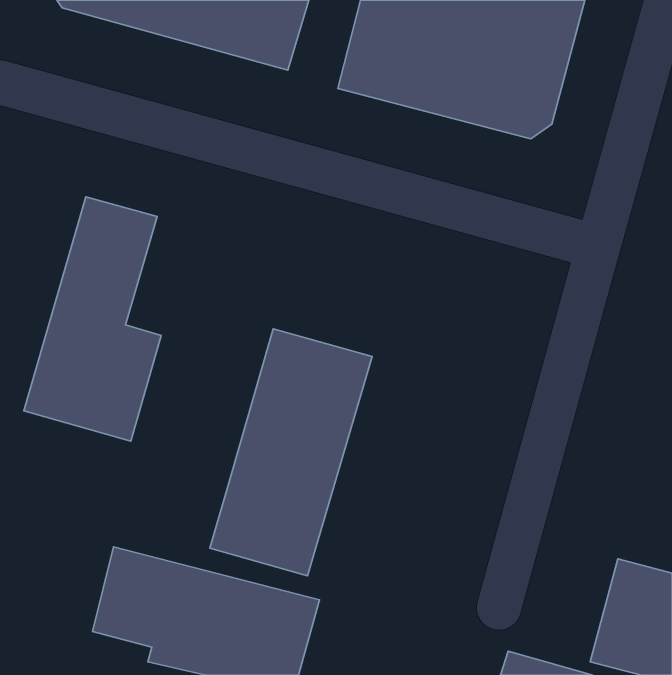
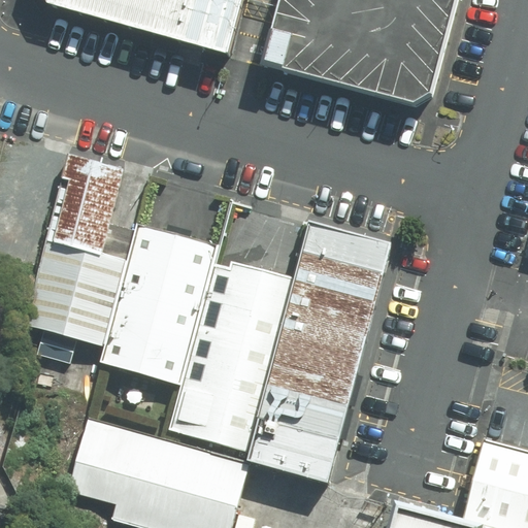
building: none -> [98,221,218,382]
building: none -> [240,224,394,475]

